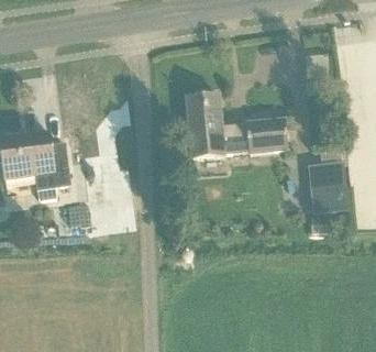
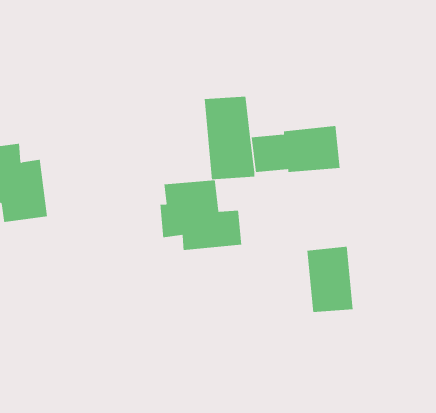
building: none -> [160,180,242,251]
building: [312,161,347,210] -> [306,246,354,312]

